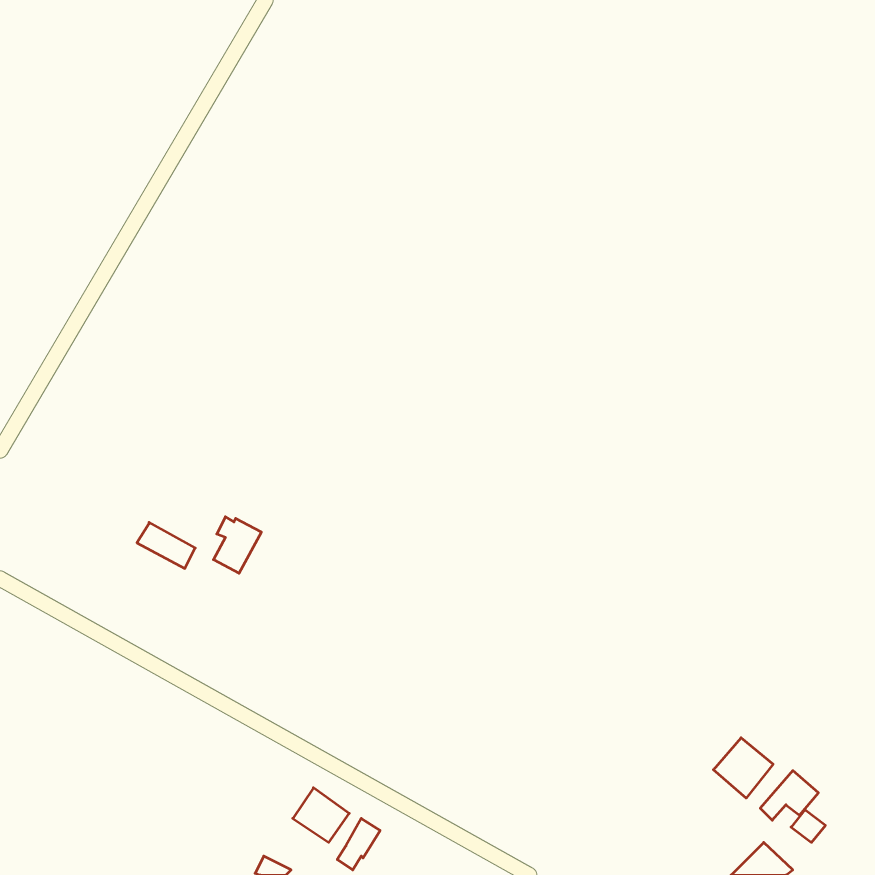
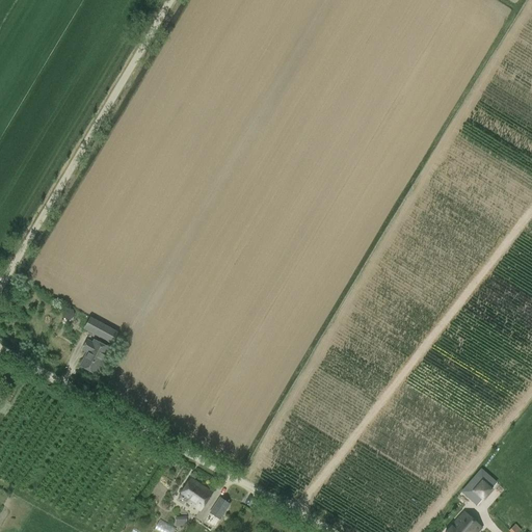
building: [213,517,261,573] -> [80,340,109,374]
building: [713,738,773,798] -> none

